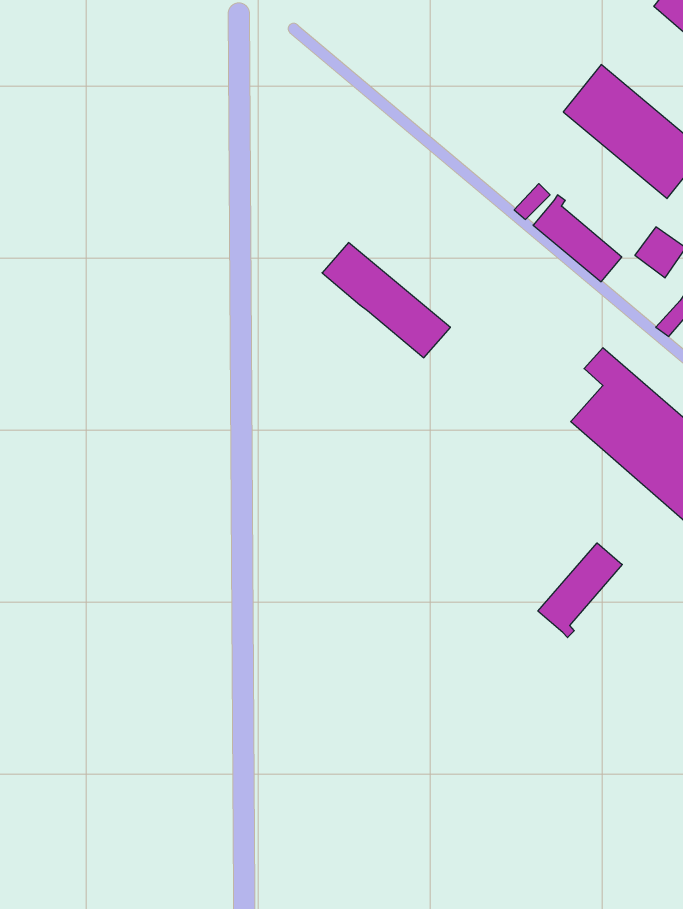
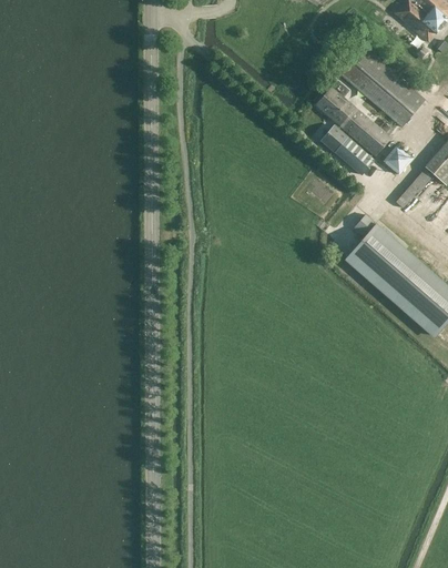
building: [322,243,450,358] -> [315,88,390,155]
building: [538,543,622,638] -> none

